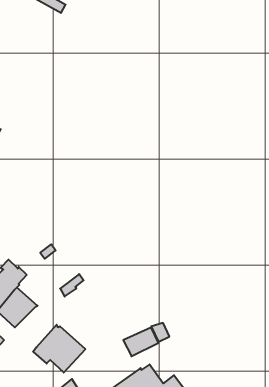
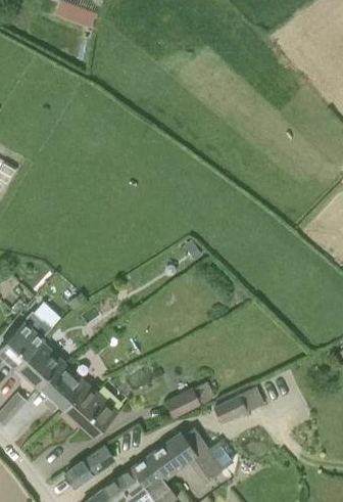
building: none -> [39,363,90,412]
building: none -> [211,386,262,424]

